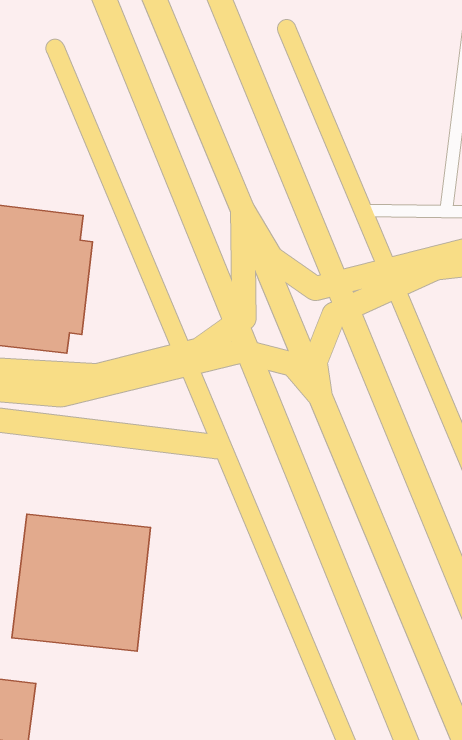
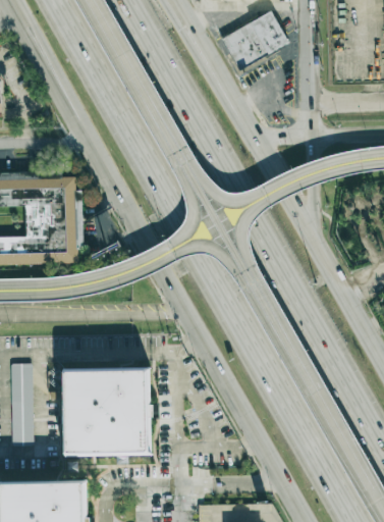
building: none -> [221,10,289,69]

